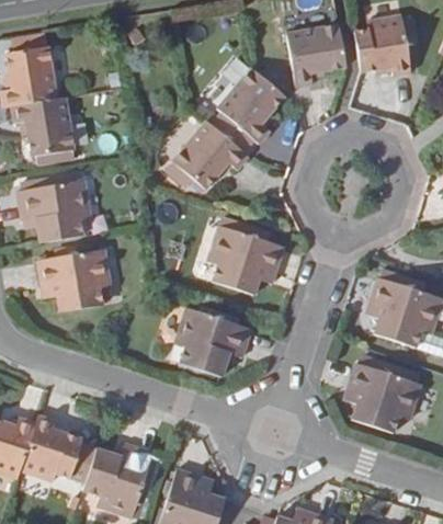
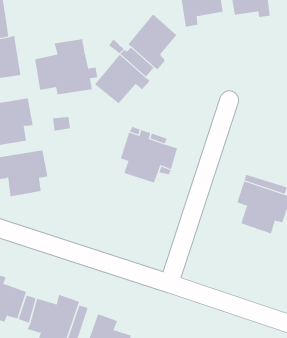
building: none -> [34,38,98,95]
building: [177,308,252,376] -> none
building: [349,362,422,433] -> none

